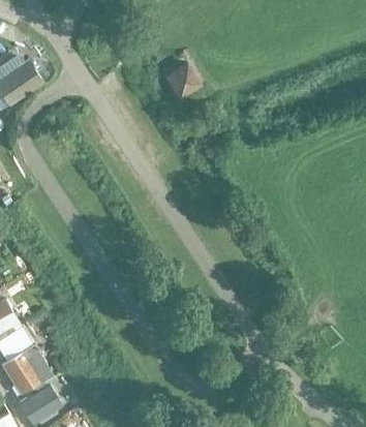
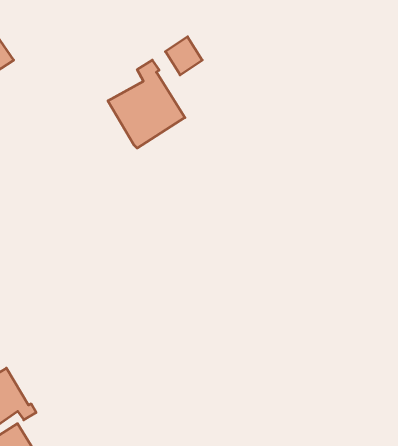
building: none -> [108,60,185,148]

